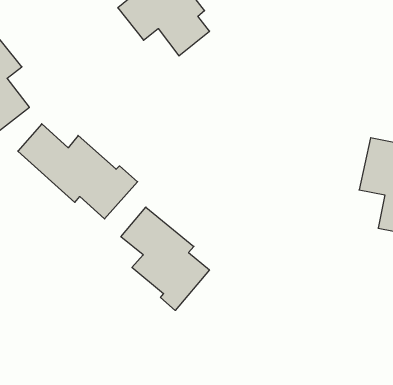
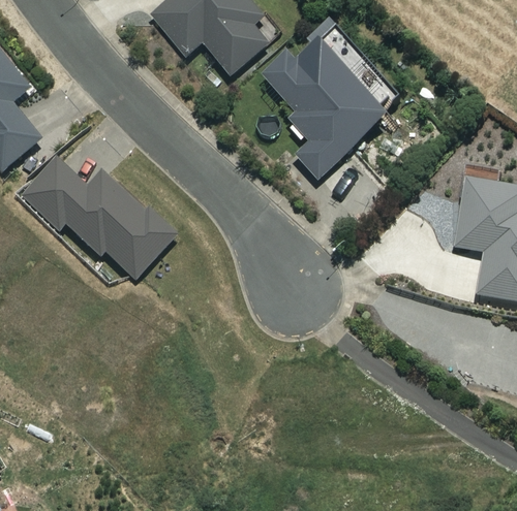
building: none -> [262,44,387,178]
building: [121,207,209,310] -> none

